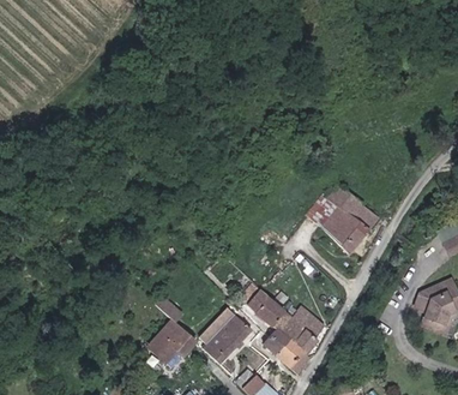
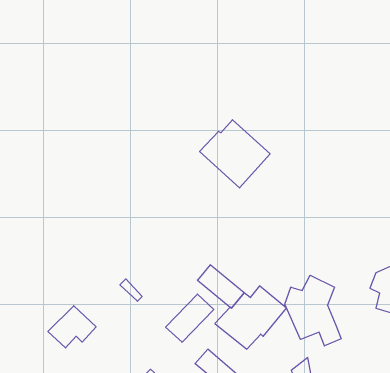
building: [306,182,378,252] -> [200,120,270,188]
building: none -> [285,275,341,346]
building: [146,321,195,364] -> [48,306,96,348]

